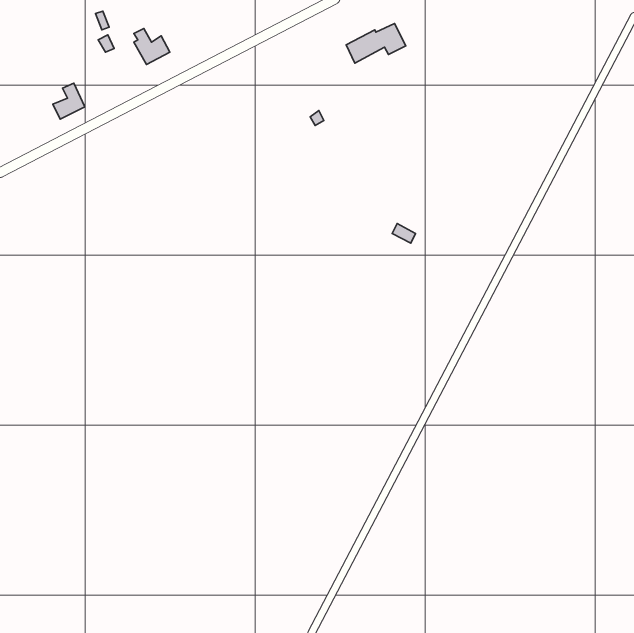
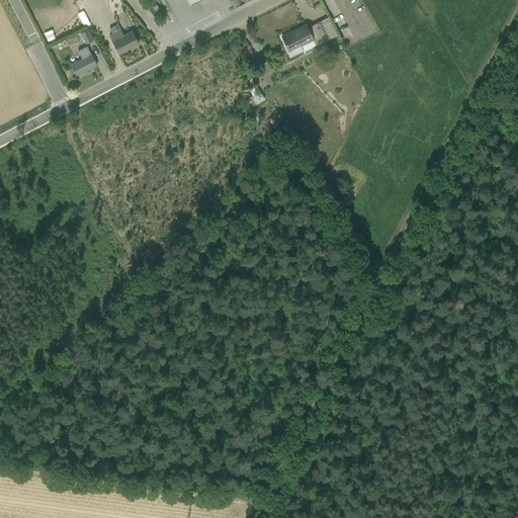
building: [53,83,85,119] -> [70,46,96,75]

